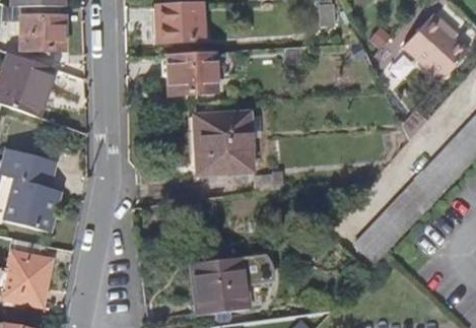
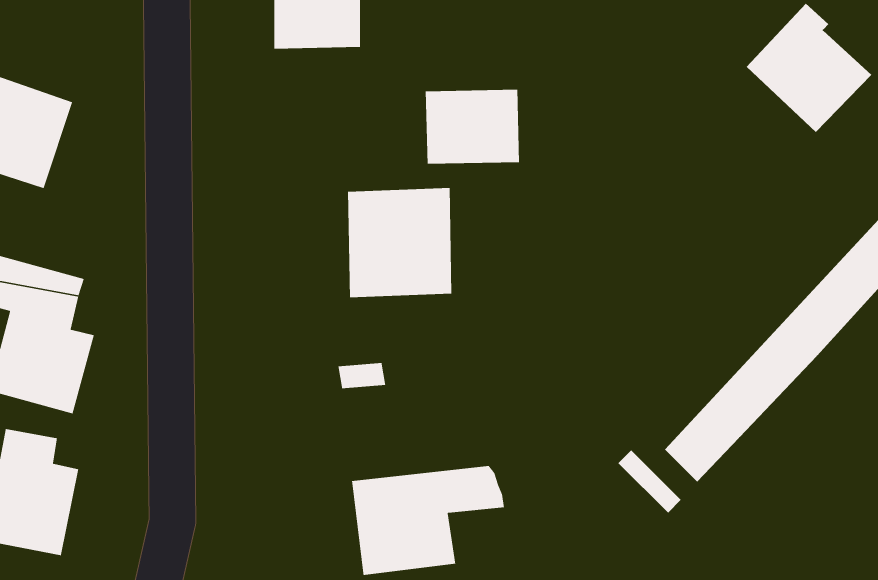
building: [21,18,62,51] -> none
building: [165,50,215,89] -> [425,89,520,165]

